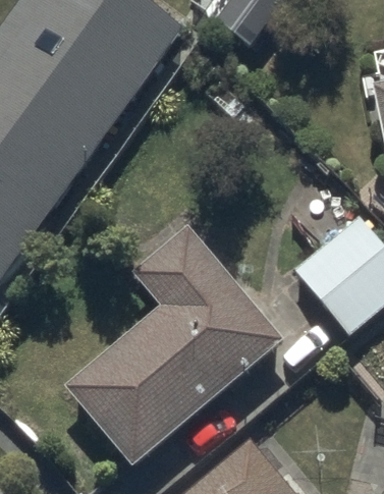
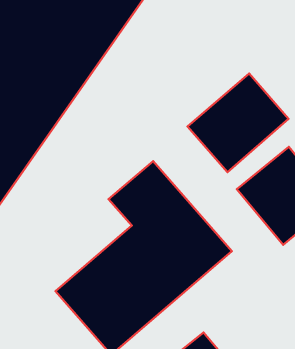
building: none -> [187,73,289,172]

